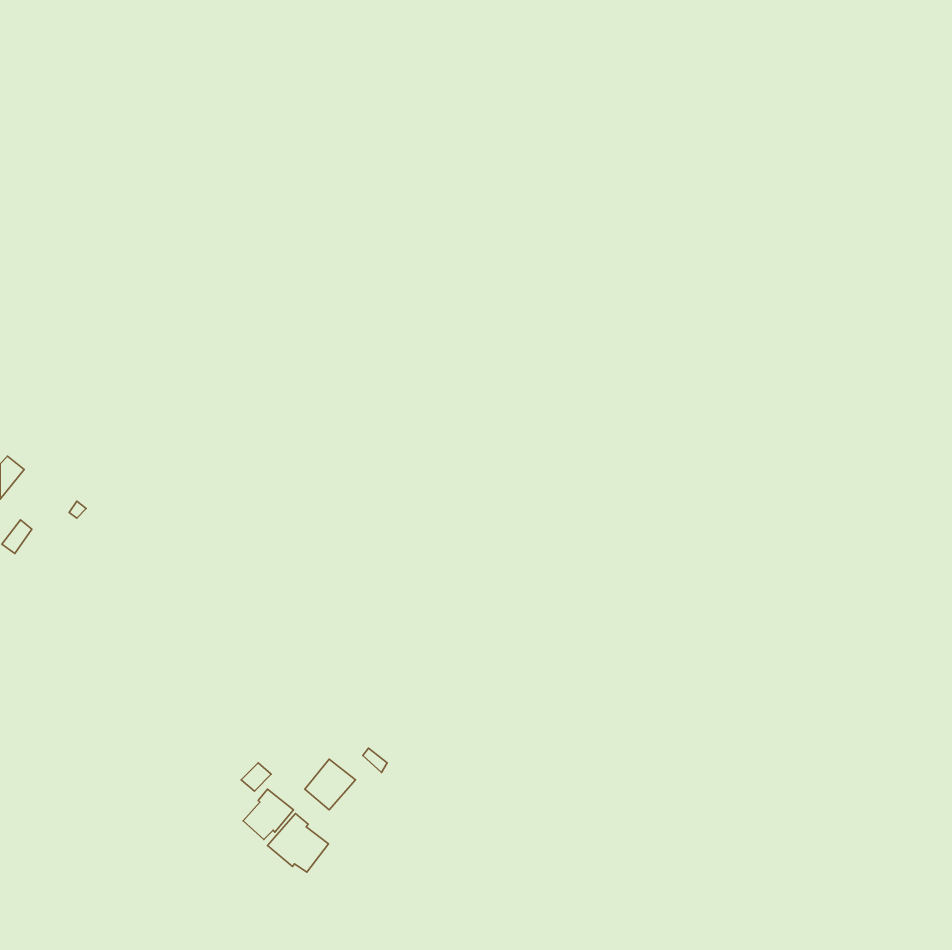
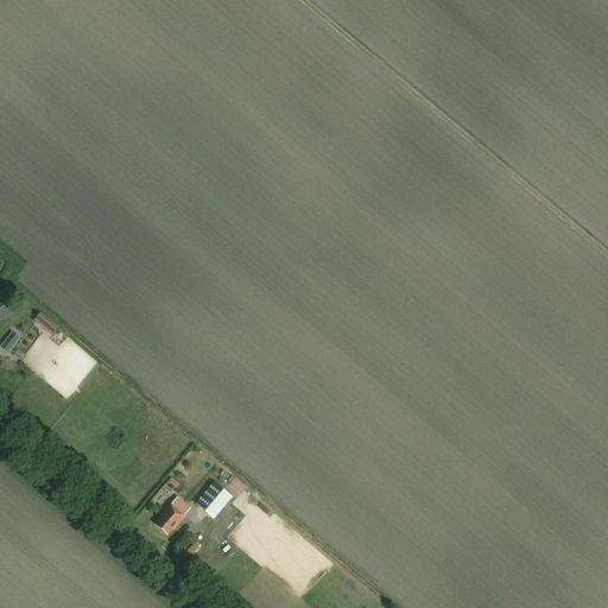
building: [267,814,329,872] -> none

